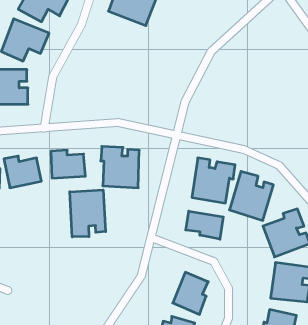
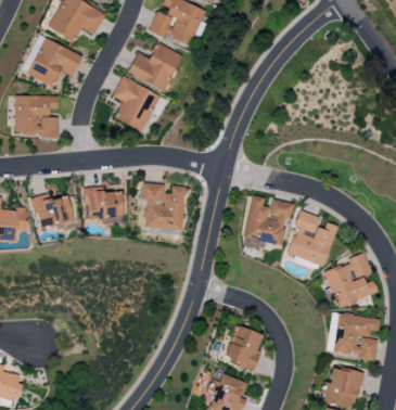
building: none -> [127,42,183,91]
building: none -> [113,76,161,131]
building: [70,190,106,237] -> none
building: [186,211,223,239] -> none

